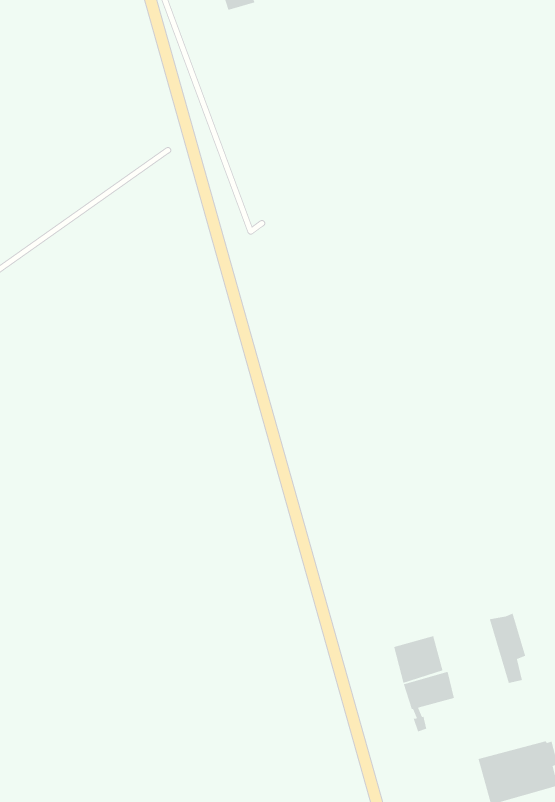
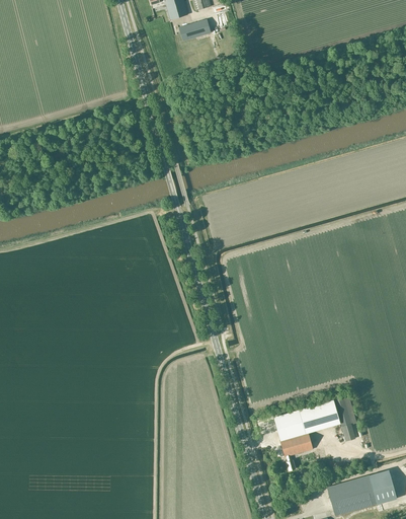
building: none -> [180,19,211,41]
building: none -> [301,398,341,431]

